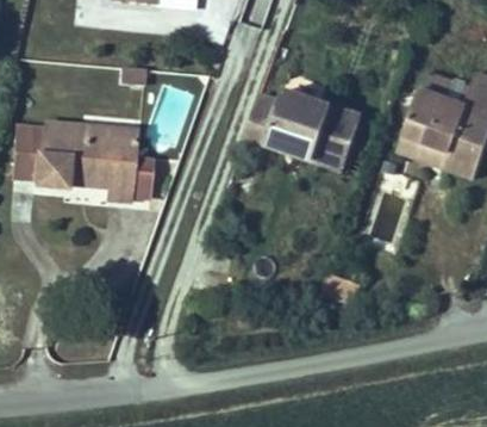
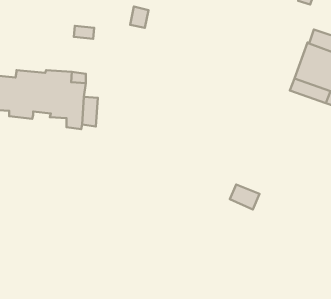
building: [243,88,361,169] -> none

